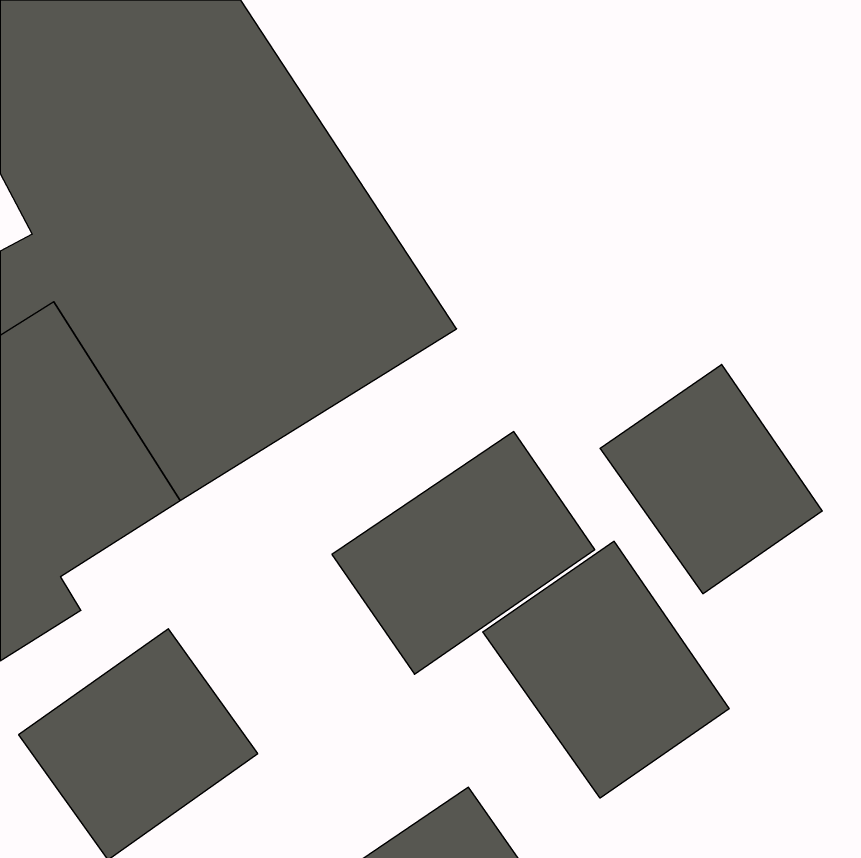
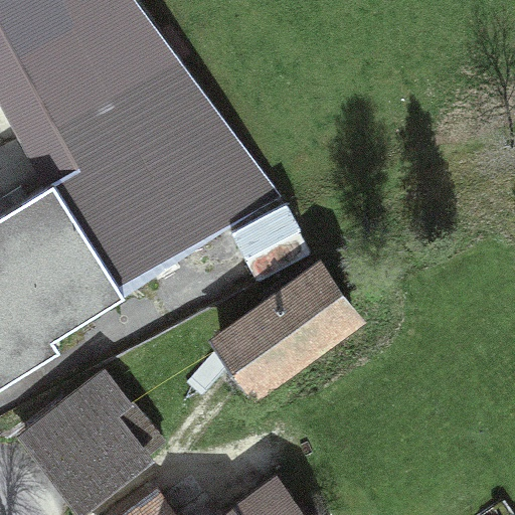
building: [600,364,822,594] -> none
building: [483,541,729,798] -> none

